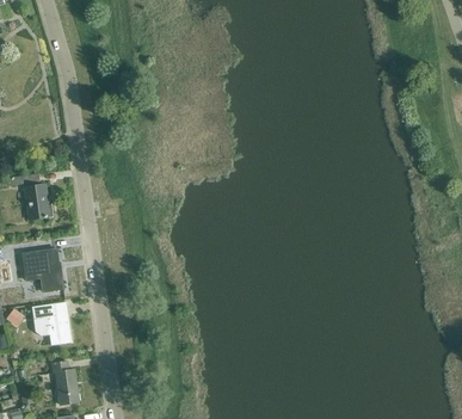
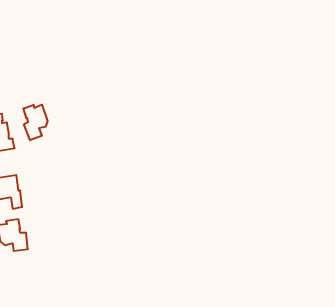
building: none -> [23,105,47,140]
building: [51,362,78,405] -> none

